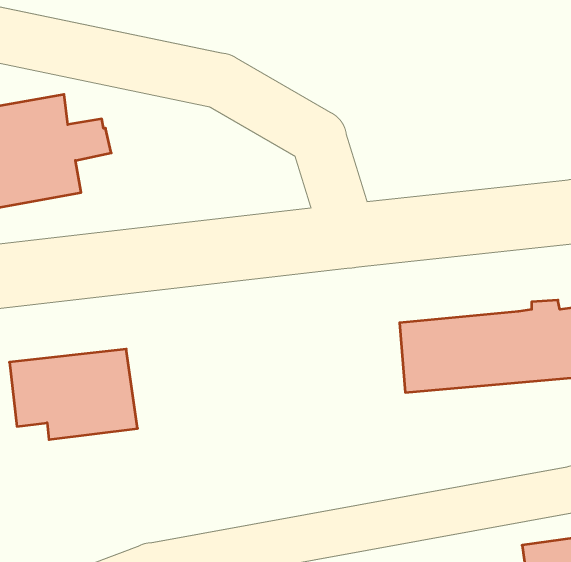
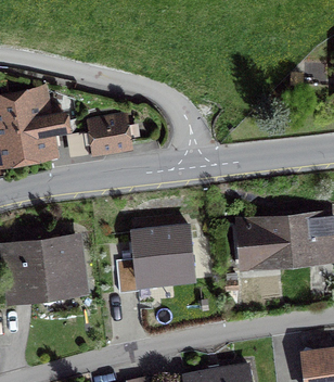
building: none -> [92,117,127,152]
building: none -> [116,225,193,292]

